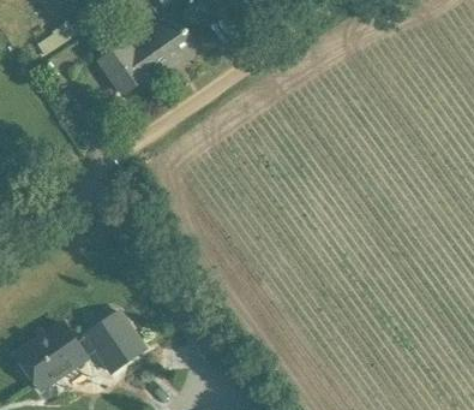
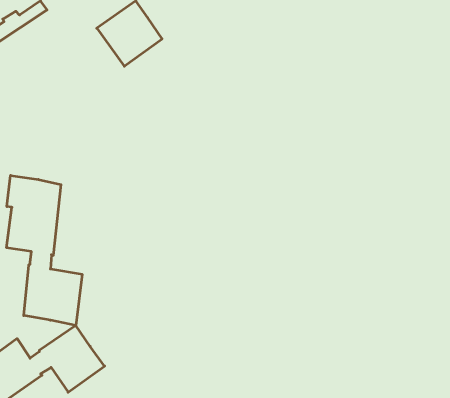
building: [100,38,163,94] -> none
building: none -> [7,175,82,325]

